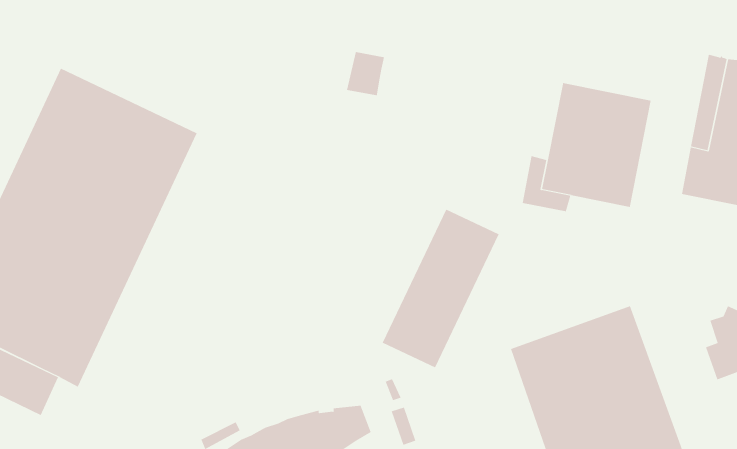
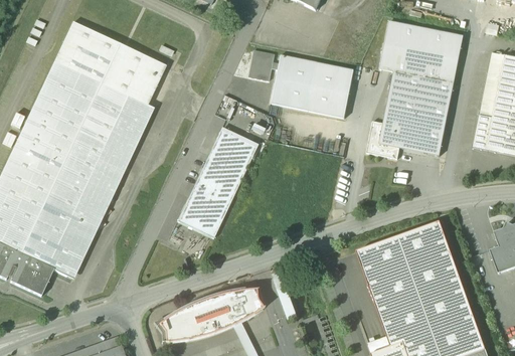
building: none -> [54,21,165,106]
building: none -> [379,21,463,83]
building: none -> [270,55,354,118]
building: [382,209,499,368] -> [177,131,256,238]

